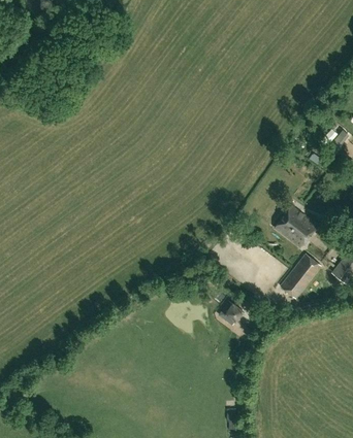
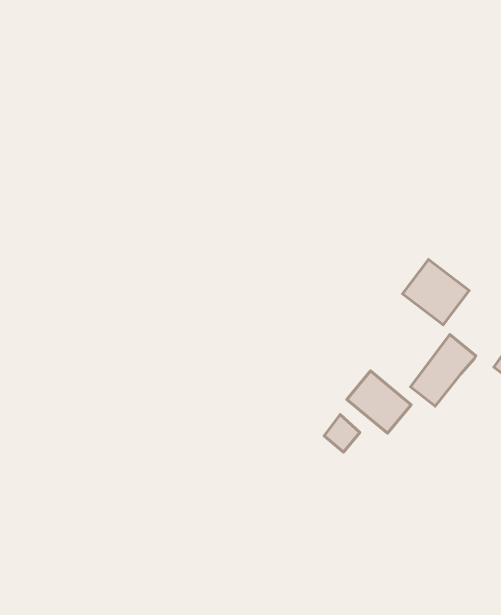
building: none -> [347,371,411,433]

